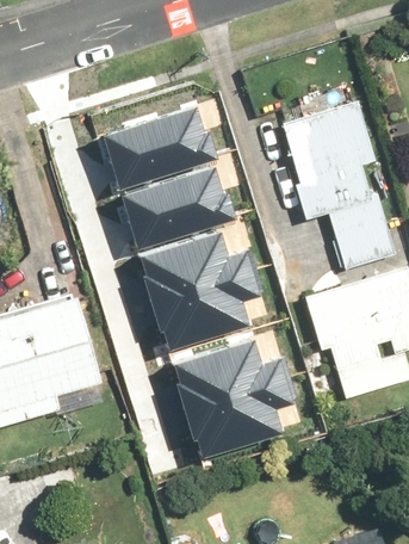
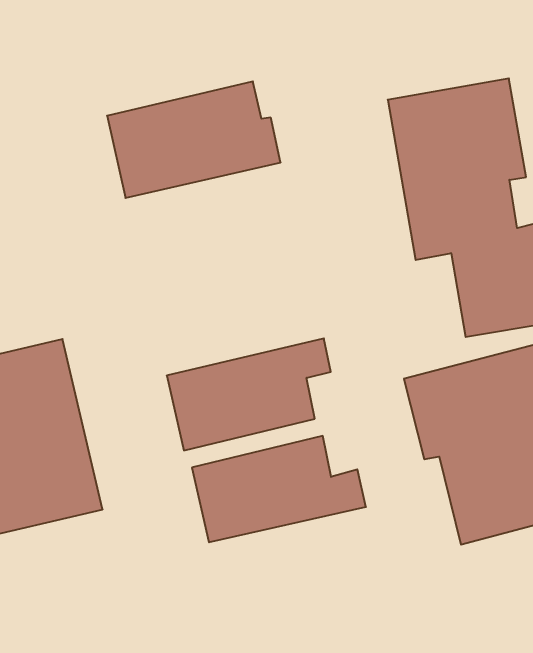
building: [118,171,234,251] -> none
building: [135,231,250,305] -> none
building: [185,382,292,460] -> none

